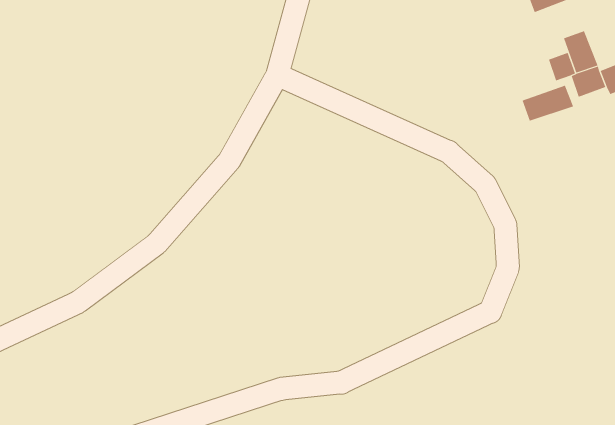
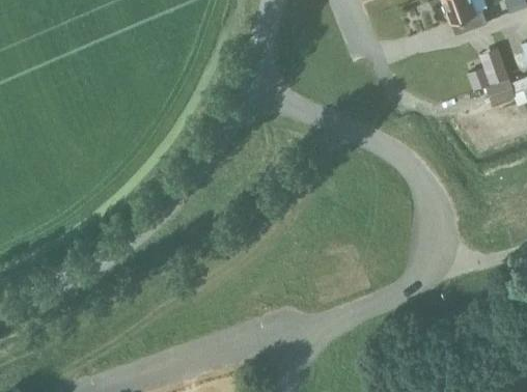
building: [522,85,574,121] -> none

